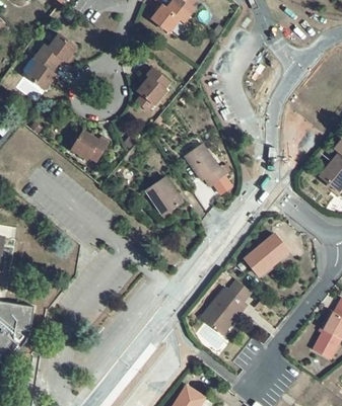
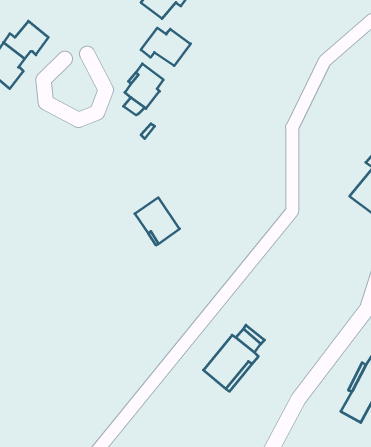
building: none -> [141,28,191,66]
building: [71,130,108,160] -> none
building: [185,144,226,185] -> none
building: [245,233,288,274] -> none

